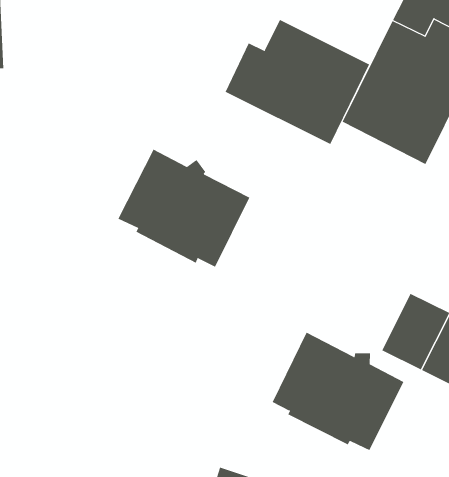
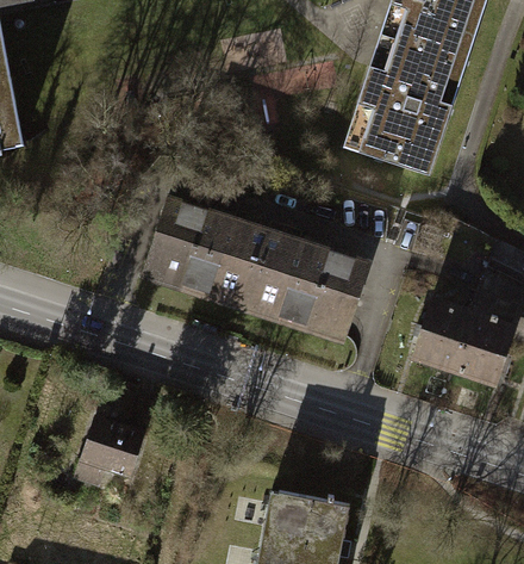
building: [225,19,370,145] -> none
building: [272,332,404,451] -> [245,230,368,334]
building: none -> [79,414,141,473]

